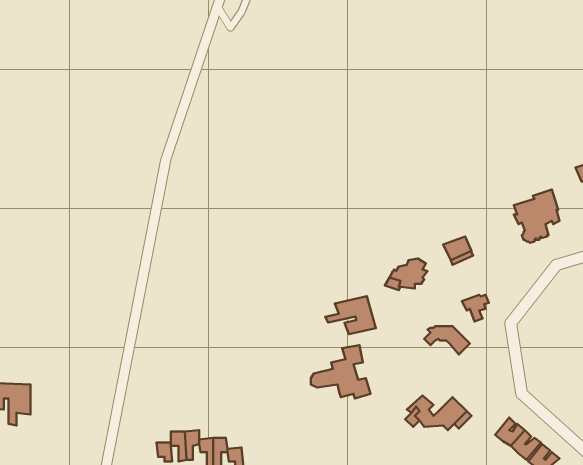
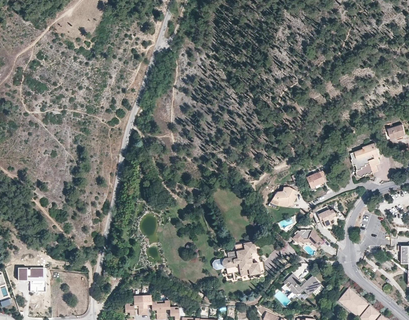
building: [325,296,376,334] -> none

